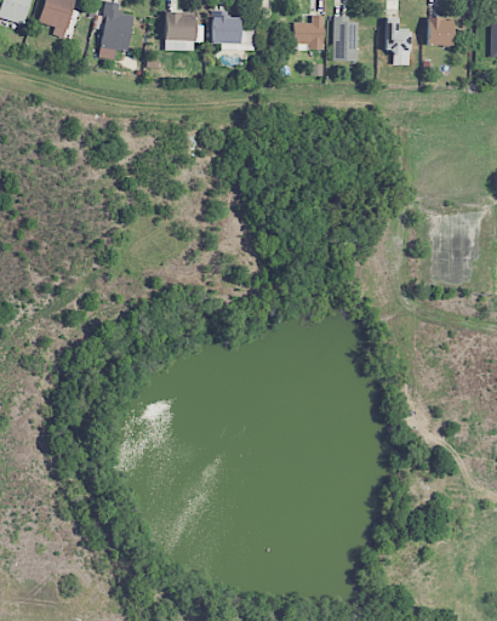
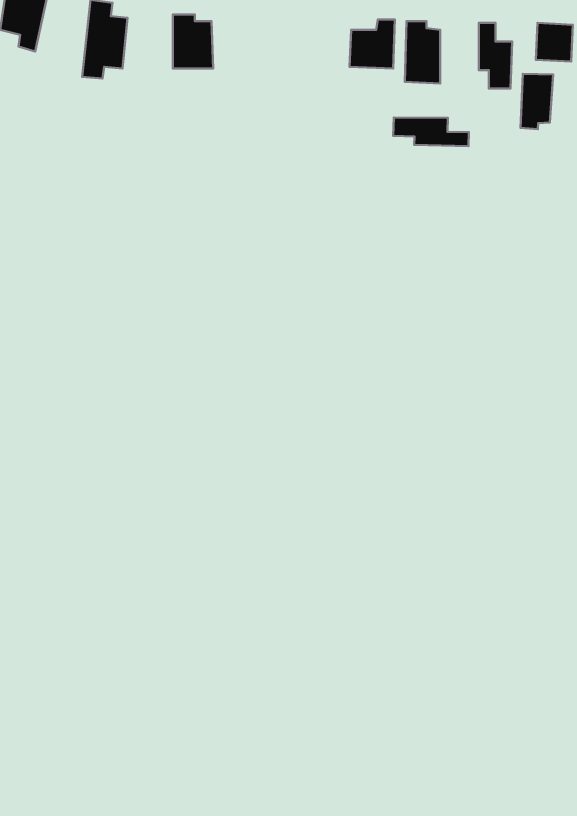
building: [212,10,255,50] -> none
building: none -> [520,74,553,129]
building: none -> [393,118,469,146]

